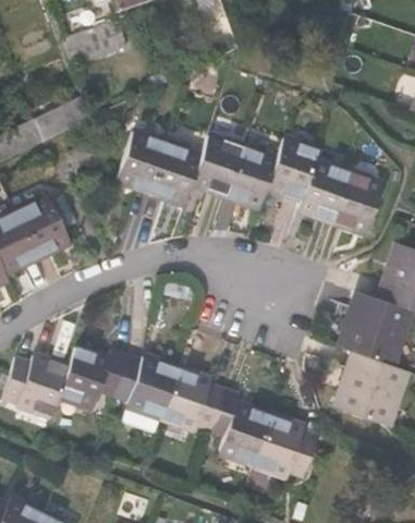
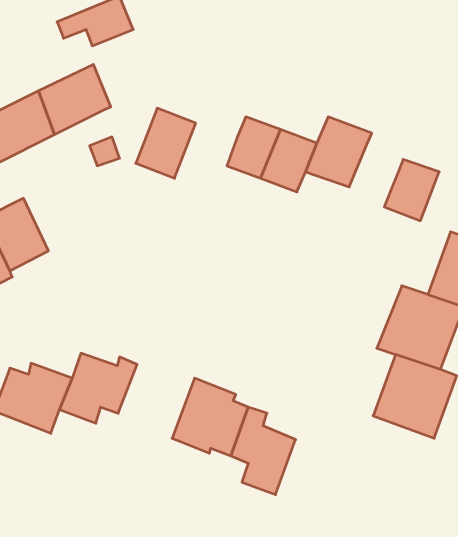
building: [157,141,211,203] -> none
building: [307,159,356,214] -> none
building: [25,190,78,252] -> none
building: [108,351,174,415] -> none
building: [245,416,309,479] -> none

